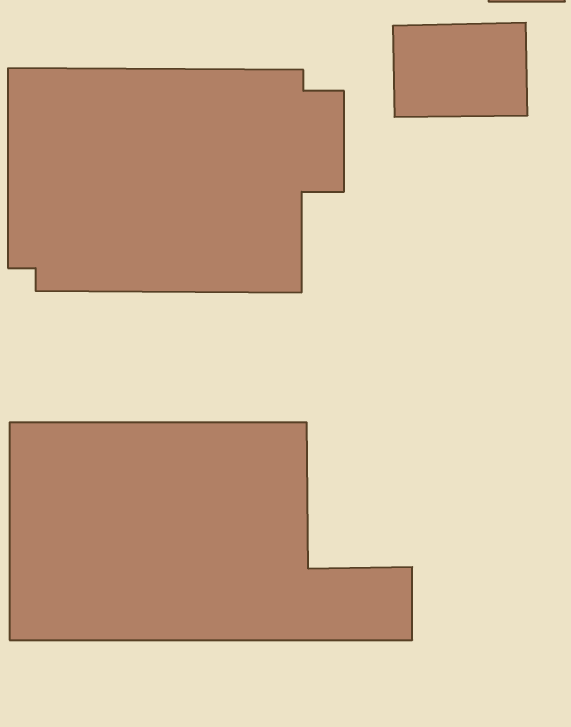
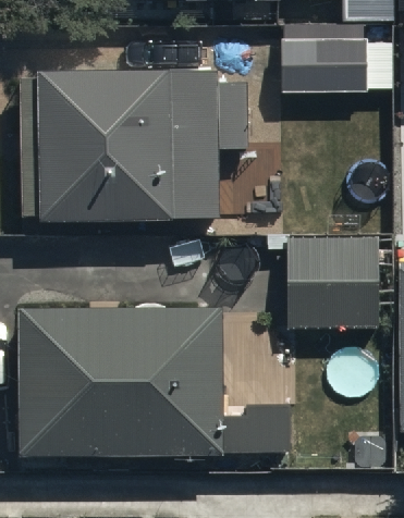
building: none -> [286,239,379,336]

